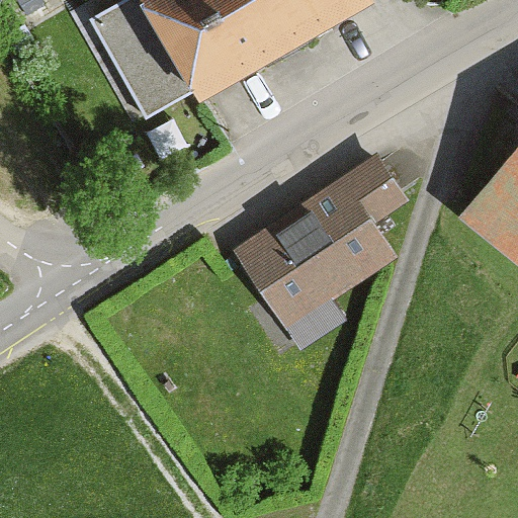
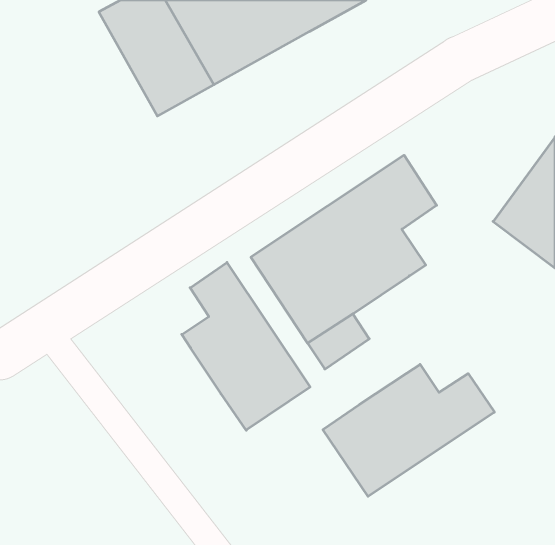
building: none -> [182,262,310,430]
building: none -> [323,364,494,496]

